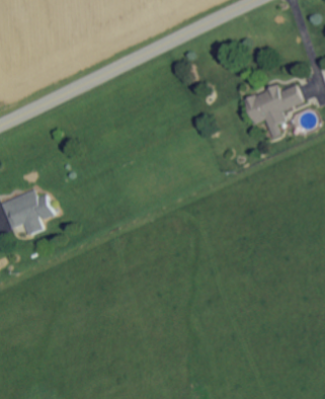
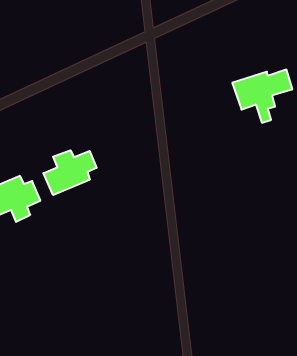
building: none -> [43,150,97,195]

